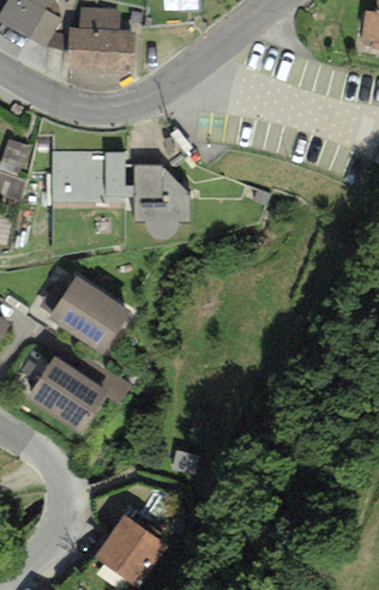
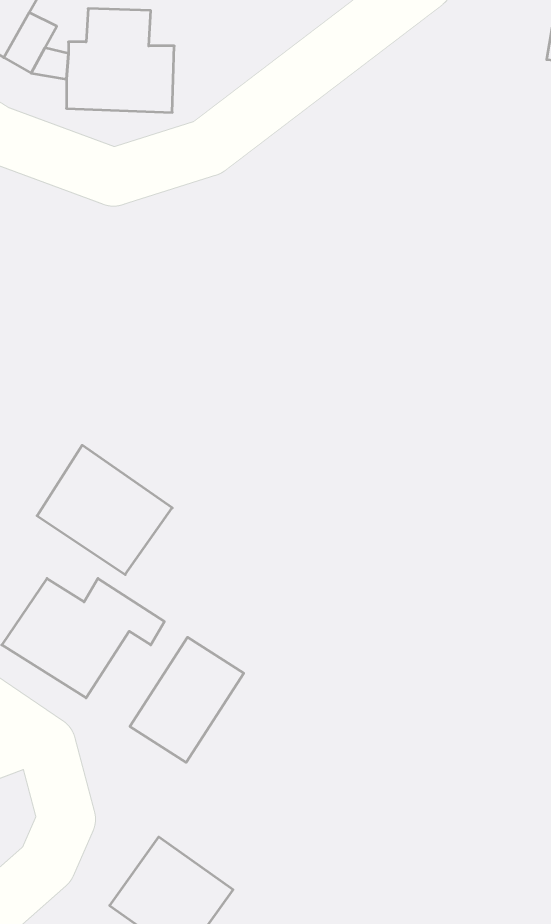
building: [52,150,188,239] -> none
building: none -> [130,637,244,762]

